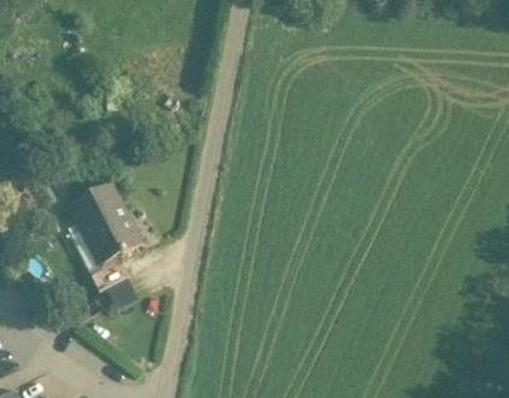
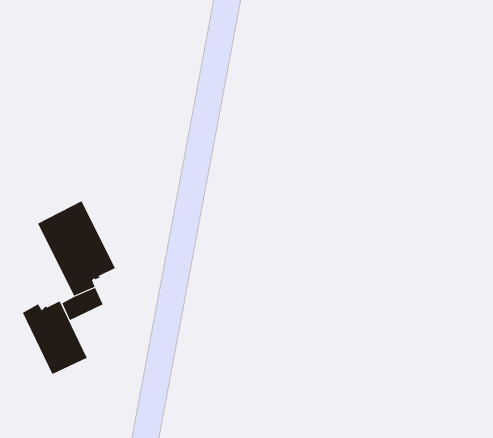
building: none -> [22,301,88,375]

